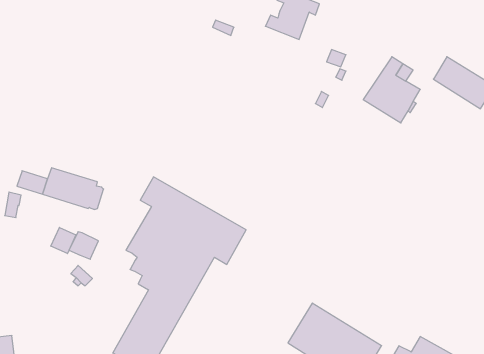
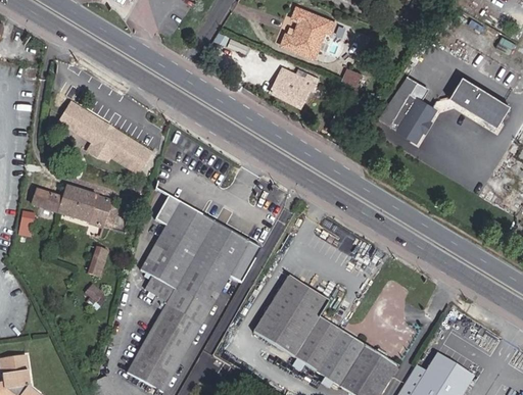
building: none -> [271,68,320,106]
building: none -> [59,103,151,175]
building: [51,227,76,254] -> none
building: none -> [253,277,329,362]

